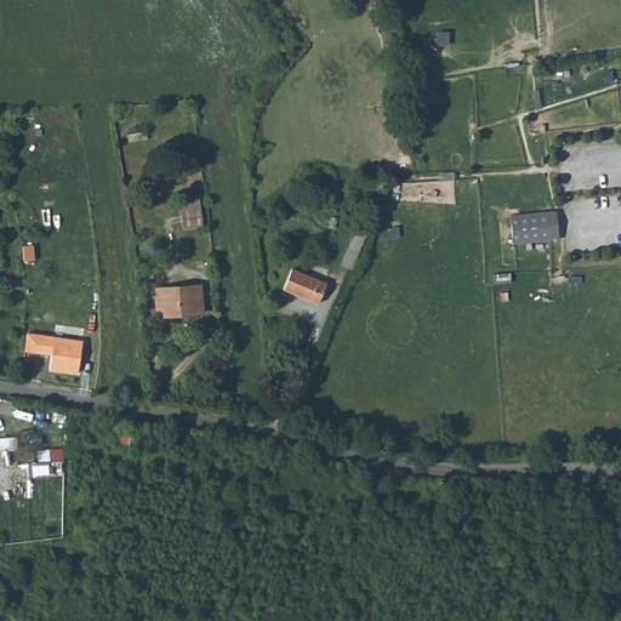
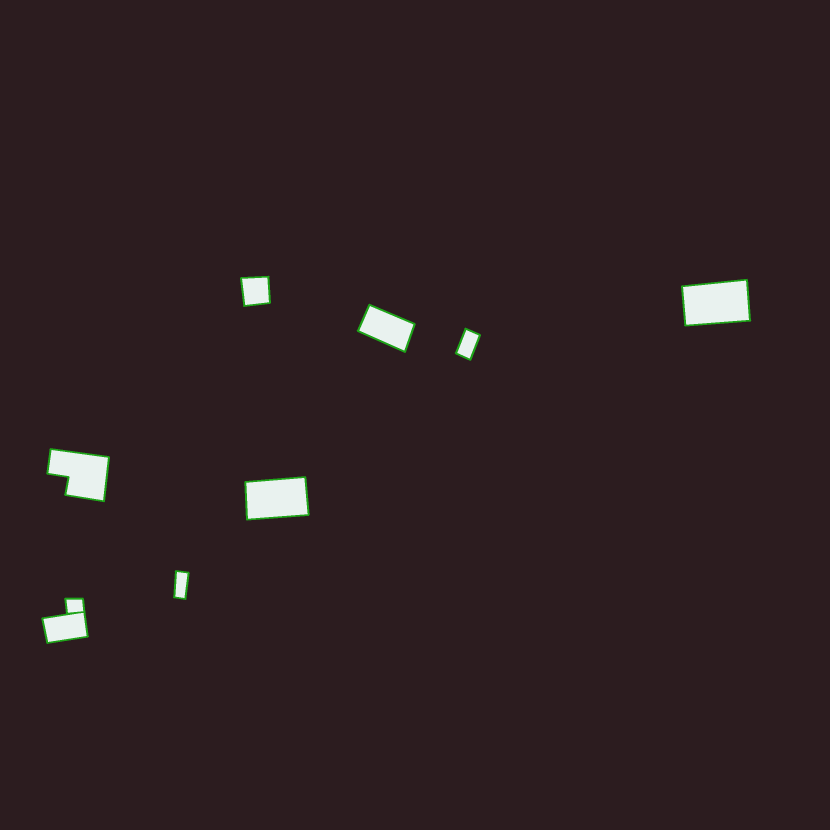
building: [283,268,325,303] -> [358,305,415,352]
building: [155,285,203,317] -> [245,477,309,520]

